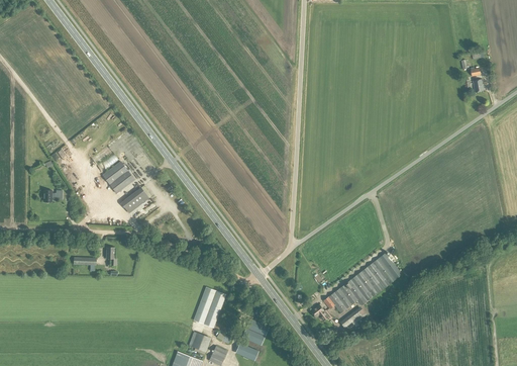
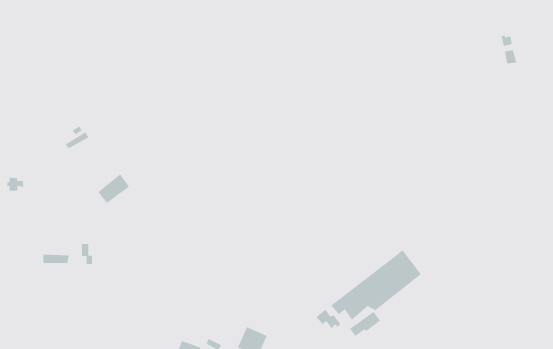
building: [101,161,134,194] -> none
building: [193,287,226,329] -> none

